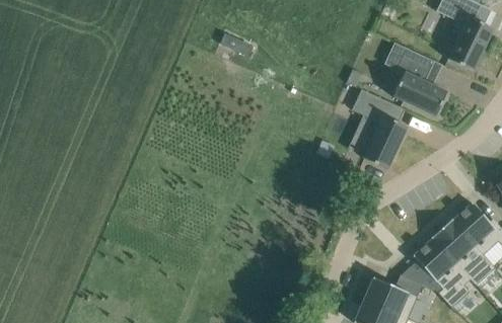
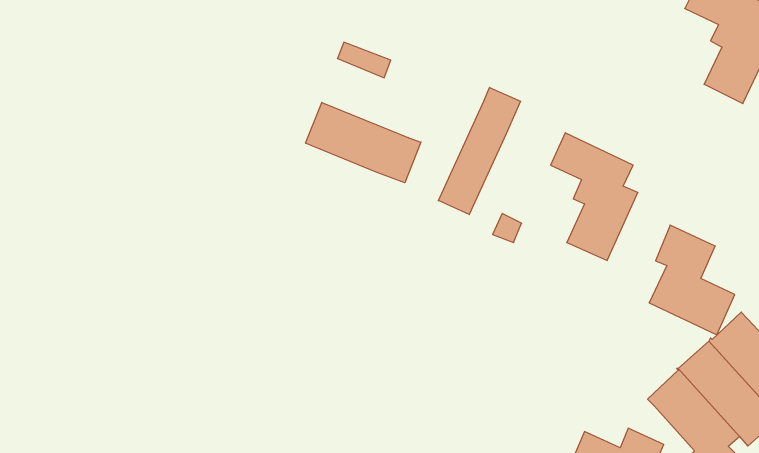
building: [392,47,446,115] -> [649,225,735,335]
building: none -> [438,87,520,215]
building: none -> [306,102,421,183]

